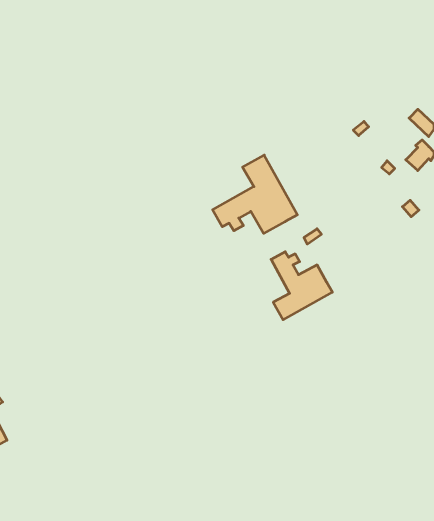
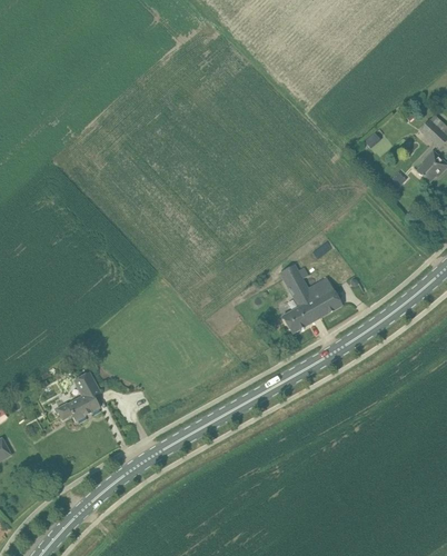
building: [213,155,297,233] -> none
building: none -> [57,371,100,419]

